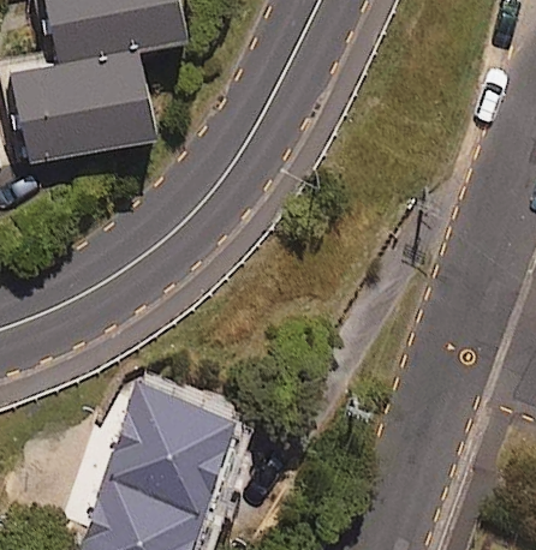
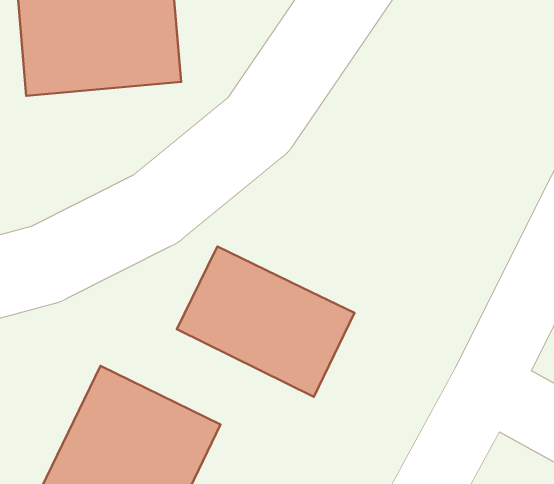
building: none -> [177,246,355,397]

